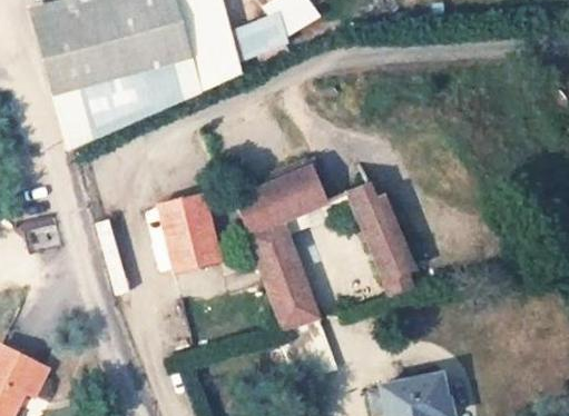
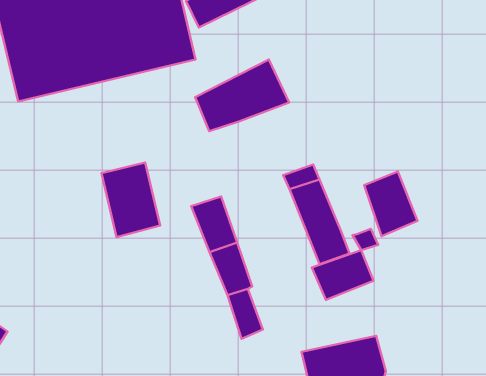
building: [235,164,333,238] -> [195,60,289,131]
building: none -> [364,172,418,236]
building: none -> [312,250,374,300]

